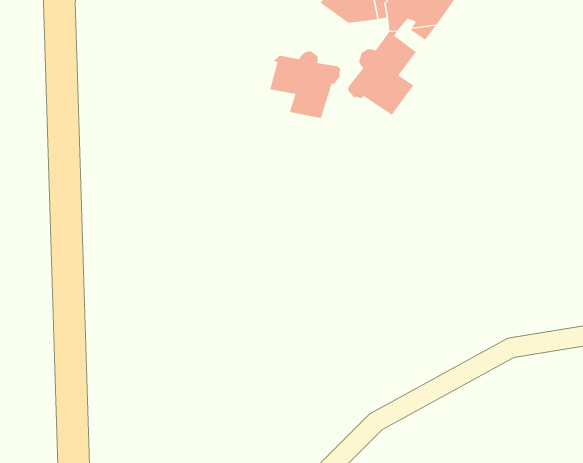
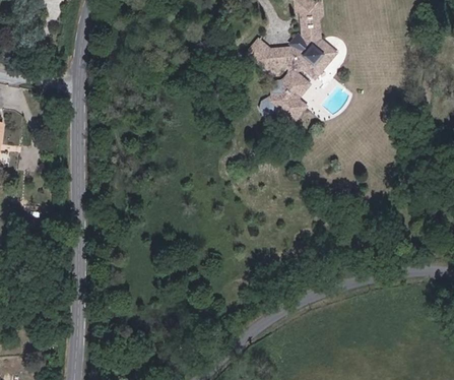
building: [270,50,341,119] -> none

